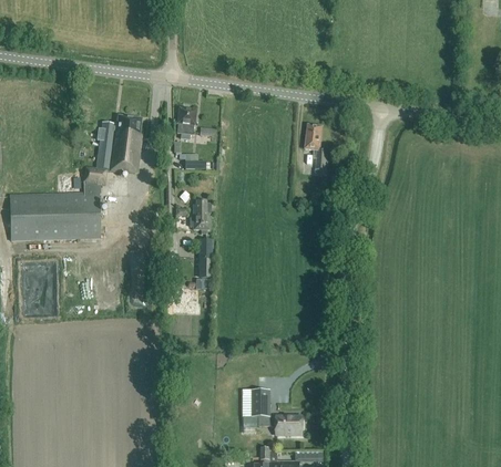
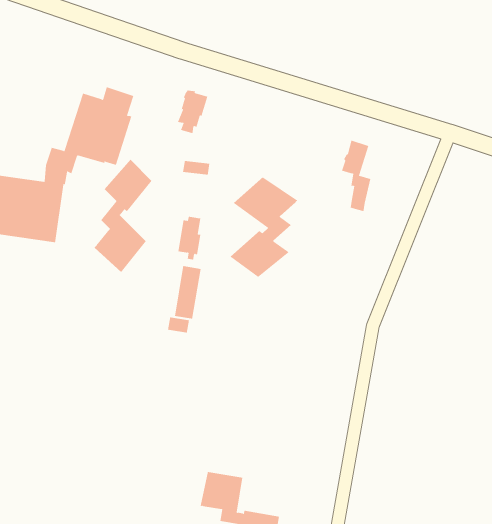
building: none -> [229,177,299,278]
building: none -> [94,159,152,273]

